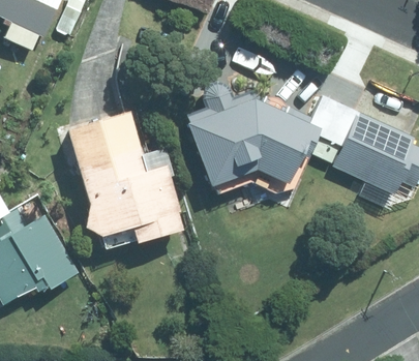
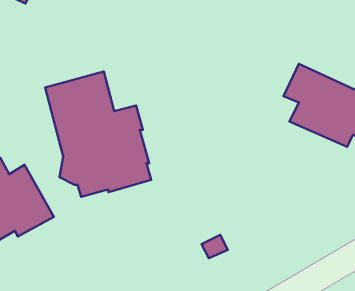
building: [187,82,343,185] -> none

